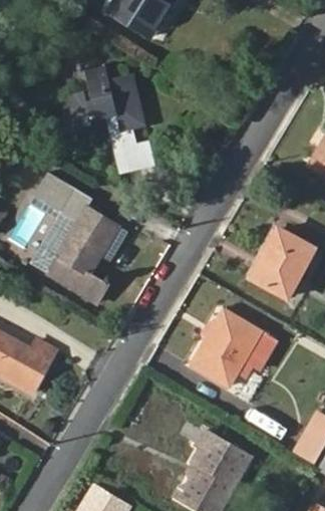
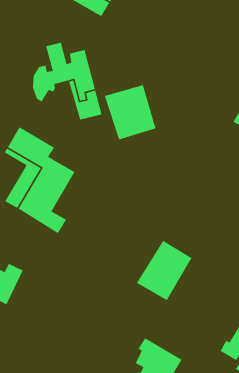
building: none -> [104,84,157,141]
building: [251,229,314,296] -> none

